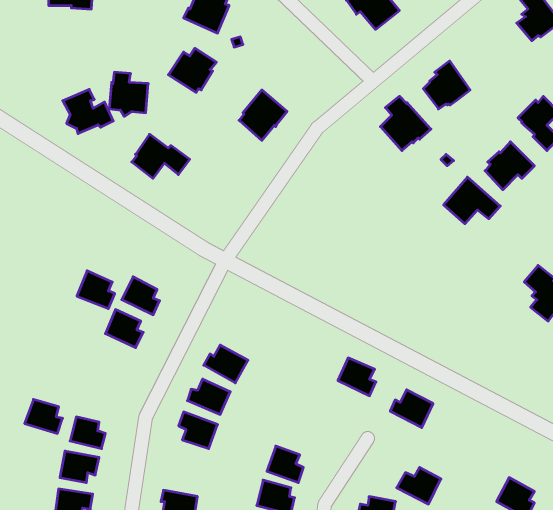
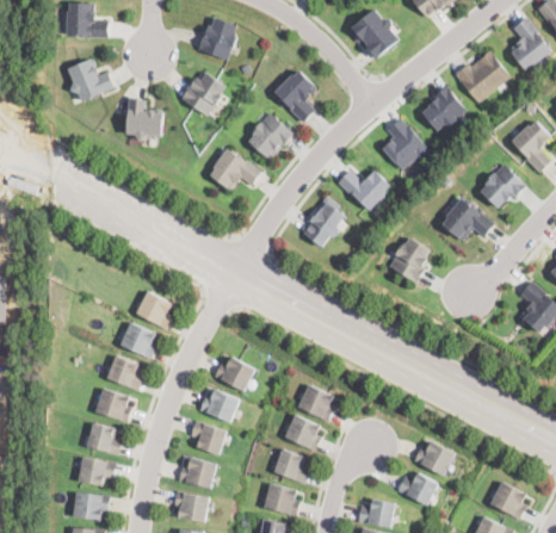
building: none -> [453,52,509,105]
building: none -> [273,72,316,122]
building: [63,89,113,134] -> [66,57,113,99]
building: [132,134,190,178] -> [209,150,264,192]
building: none -> [336,172,388,212]
building: none -> [302,197,345,248]
building: none -> [389,236,430,283]
building: [77,271,115,309] -> [106,354,142,390]
building: [338,358,376,396] -> [298,386,334,422]
building: [390,390,433,428] -> [414,440,455,476]
building: [25,399,63,433] -> [95,389,131,421]
building: none -> [284,415,321,453]
building: none -> [178,457,216,486]

